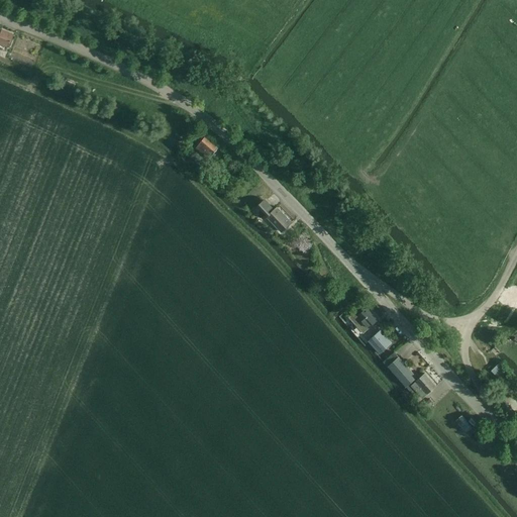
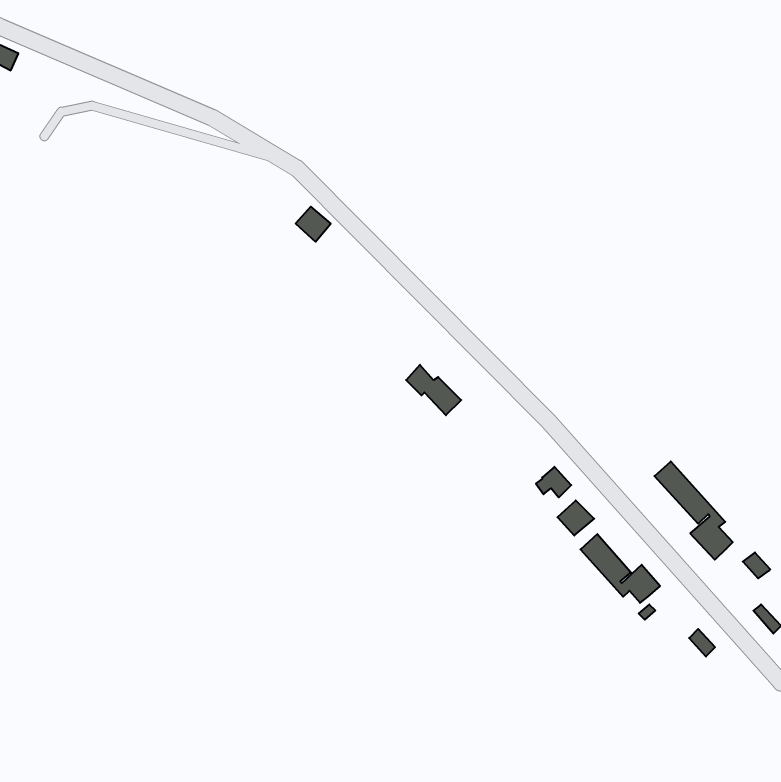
building: [254,199,291,232] -> [406,365,461,415]
building: none -> [654,461,733,560]

